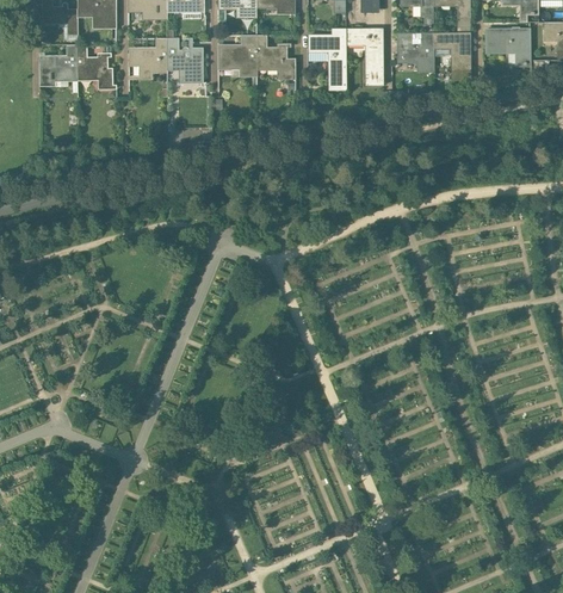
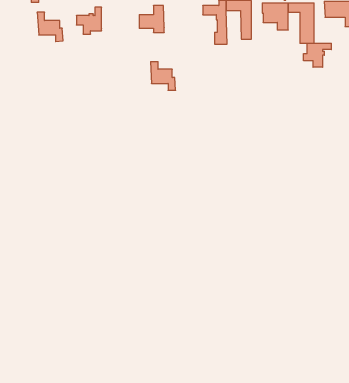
building: [255,36,291,76] -> [151,62,176,90]
building: [167,38,202,79] -> none
building: [39,45,78,84] -> none
building: none -> [304,43,331,67]

